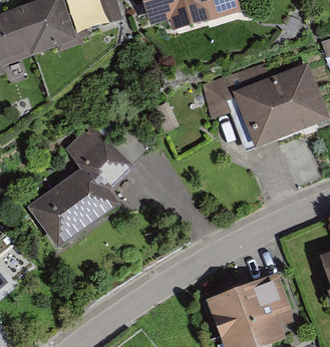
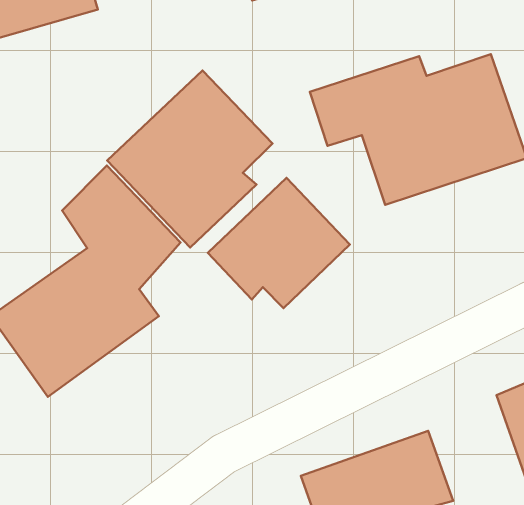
building: none -> [107,70,273,247]
building: none -> [208,178,350,308]

